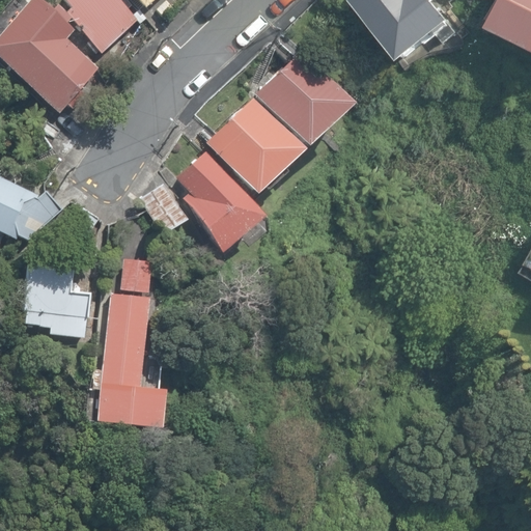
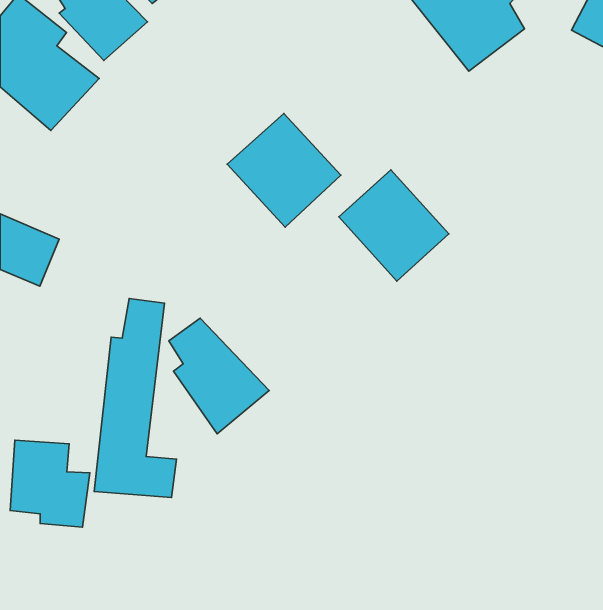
building: [262,49,357,144] -> [339,170,449,281]
building: [179,151,266,251] -> [169,318,269,434]
building: [19,261,87,336] -> [10,440,90,527]

